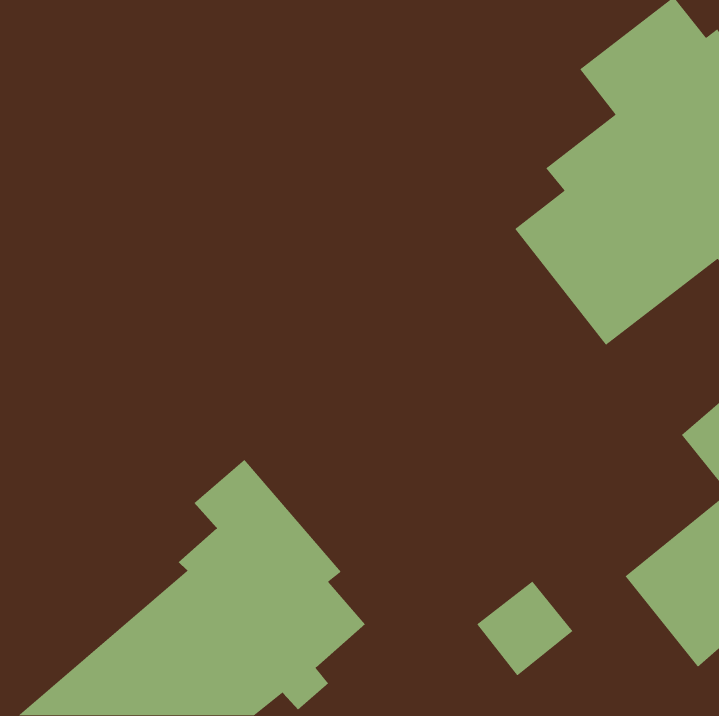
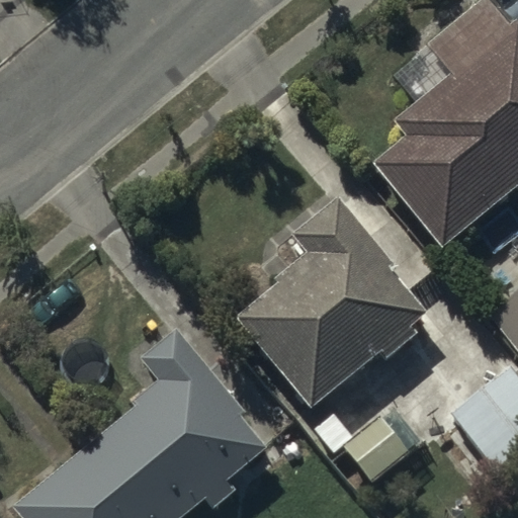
building: none -> [237,198,424,407]

